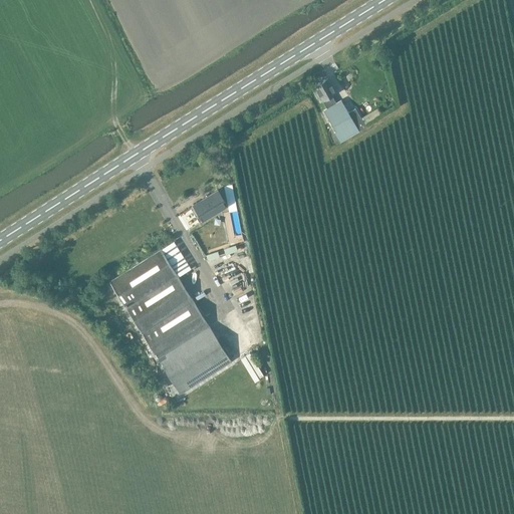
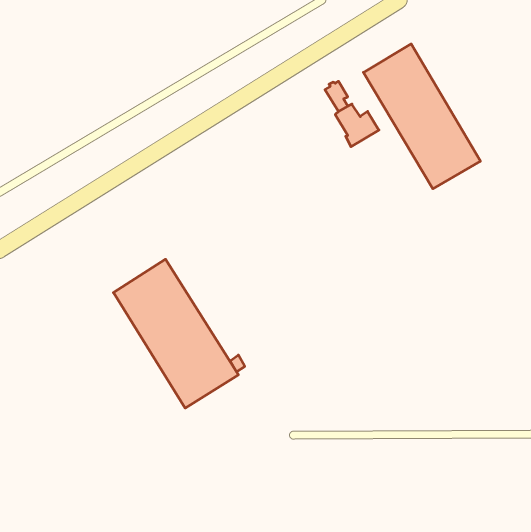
building: none -> [363,44,480,189]
building: [193,191,236,222] -> none

